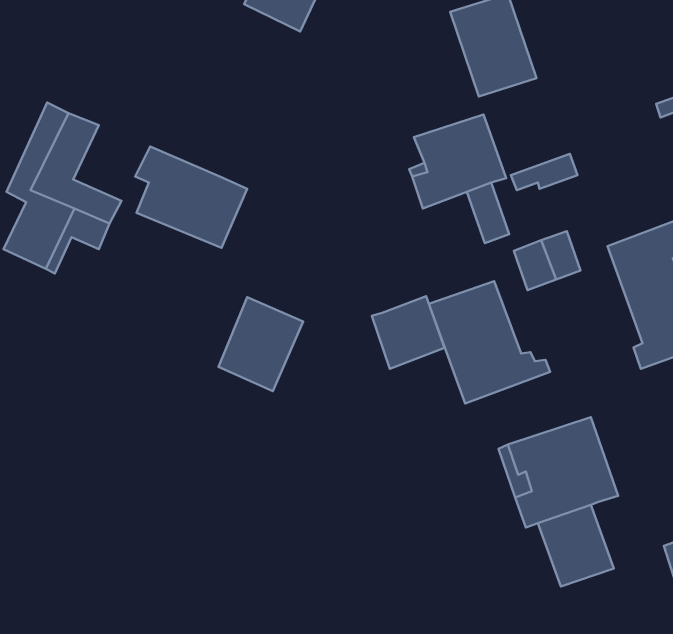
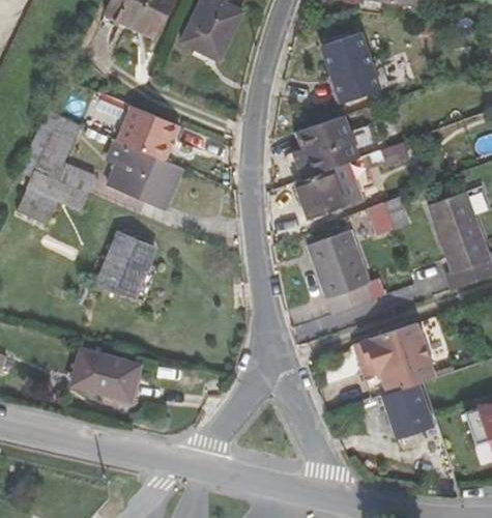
building: none -> [116,104,178,159]
building: [372,296,444,369] -> [295,169,345,219]
building: [218,297,303,391] -> [97,232,155,296]
building: none -> [71,348,139,399]

